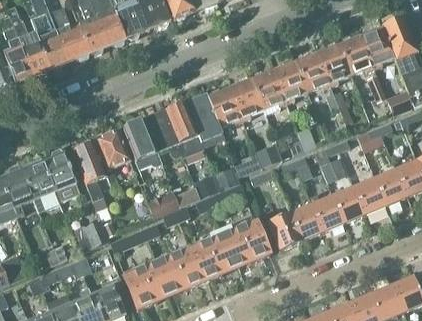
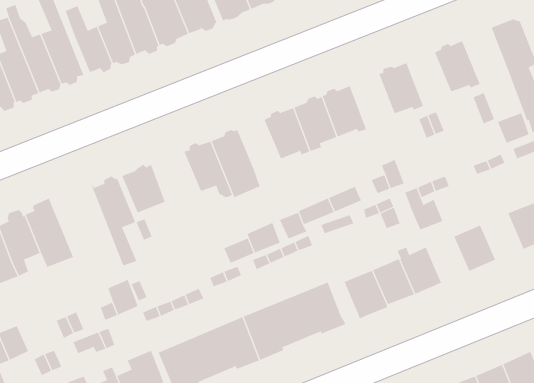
building: [360,24,395,68] -> none
building: [317,42,351,85] -> none
building: [273,60,307,103] -> none
building: [186,95,224,146] -> none
building: [123,120,162,166] -> none
building: [42,152,81,202] -> none
building: [374,168,407,204] -> none
building: [332,186,365,222] -> none
building: [147,191,180,218] -> none

